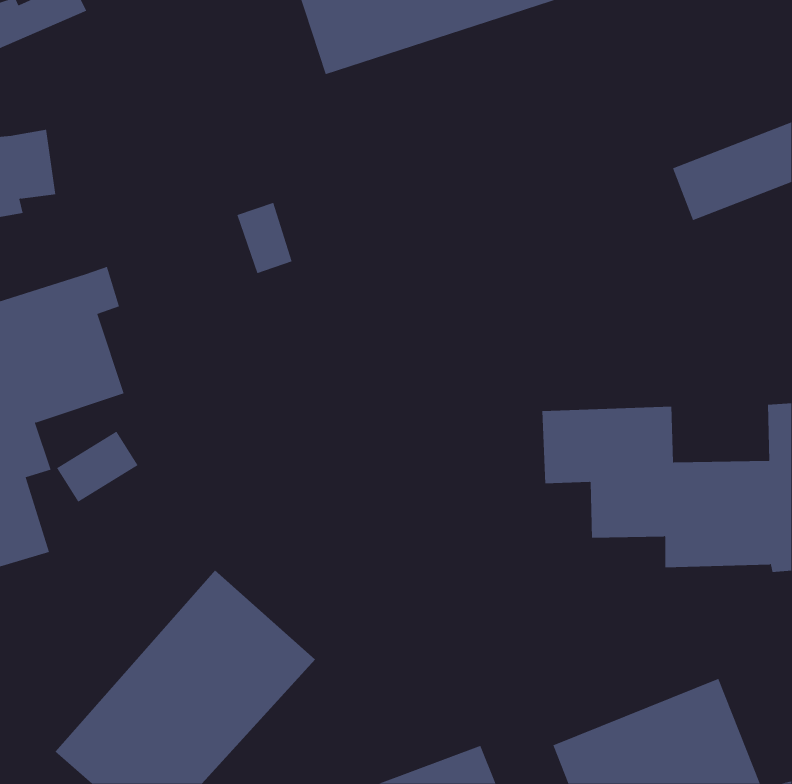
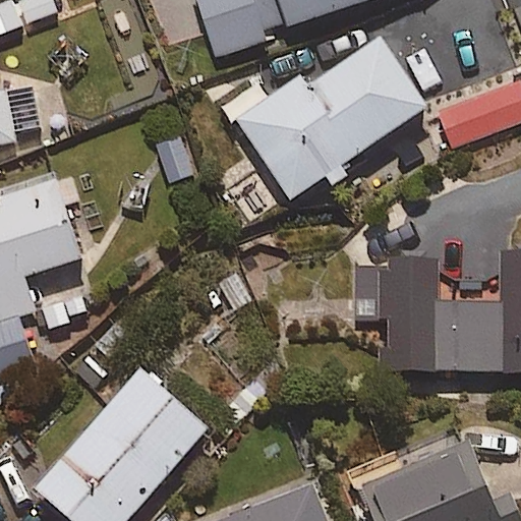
building: none -> [237,39,426,198]

